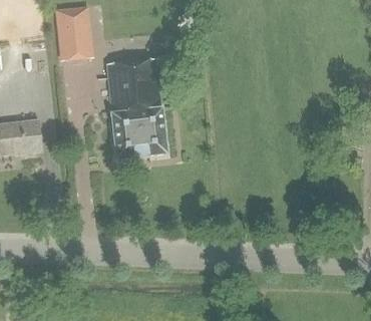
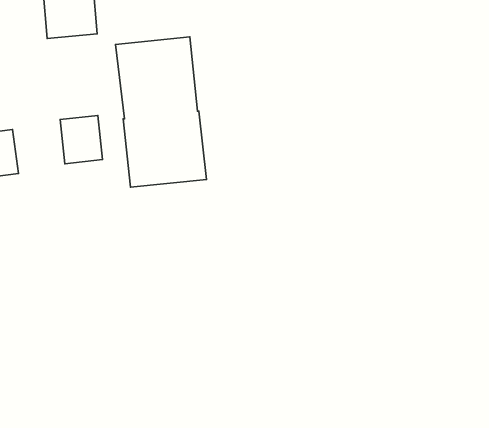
building: none -> [60,116,103,164]

